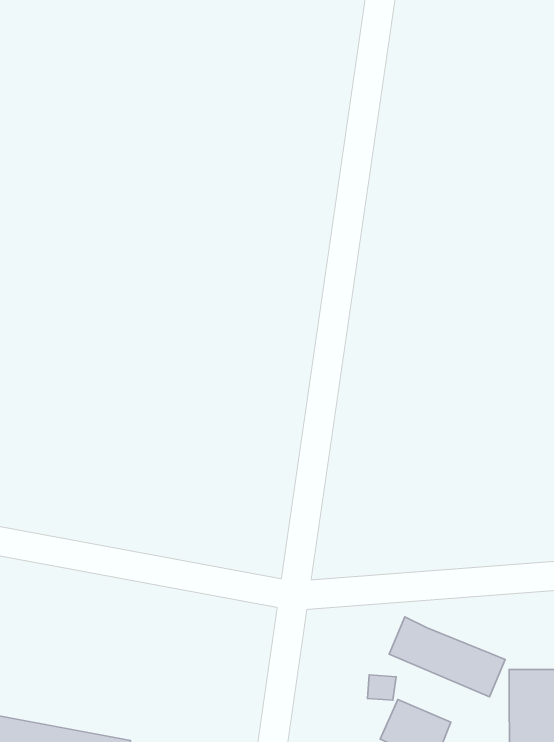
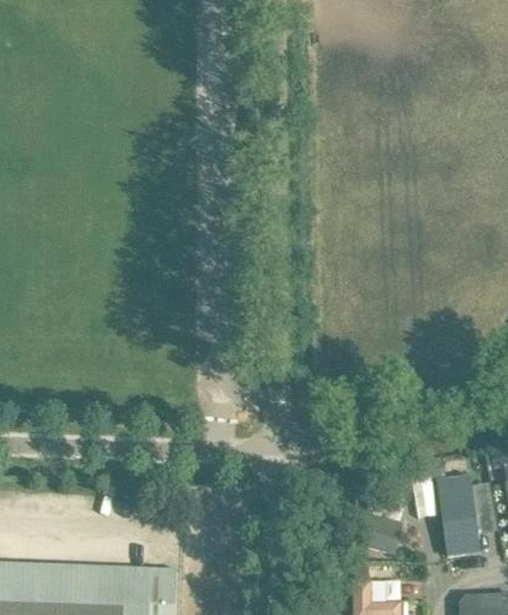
building: [389,617,505,697] -> none

